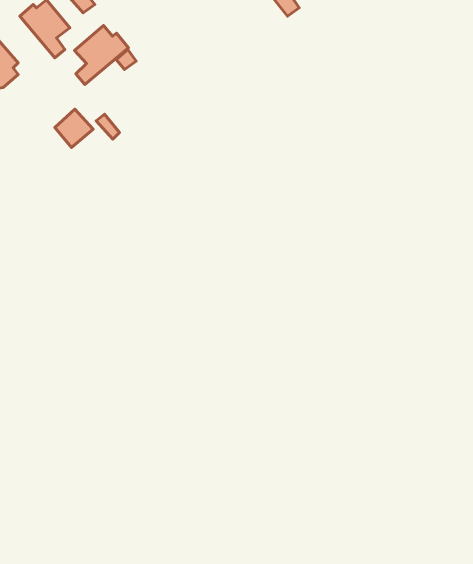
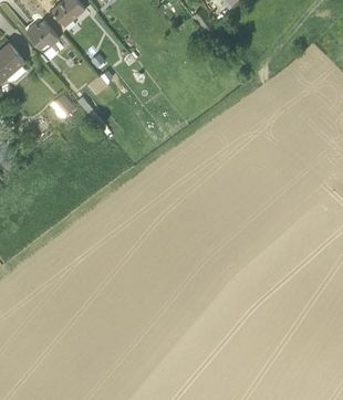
building: [74,25,128,84] -> none

